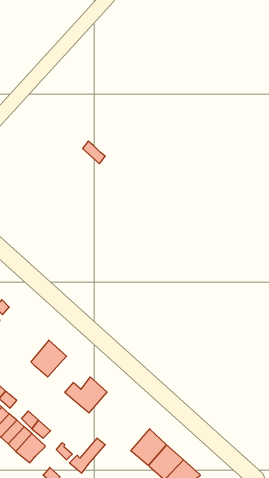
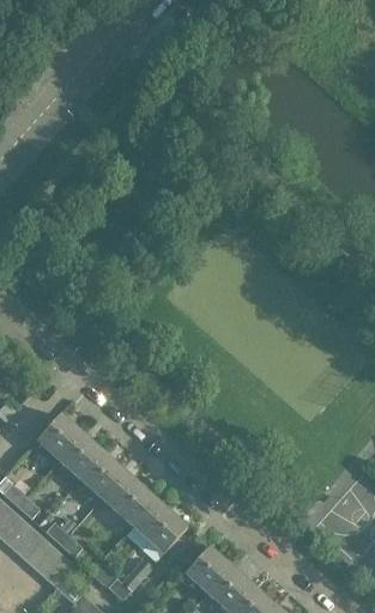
building: none -> [37,414,81,461]
building: none -> [80,454,134,499]
building: none -> [133,499,188,554]

